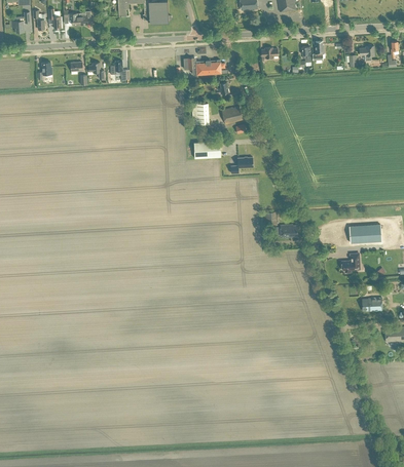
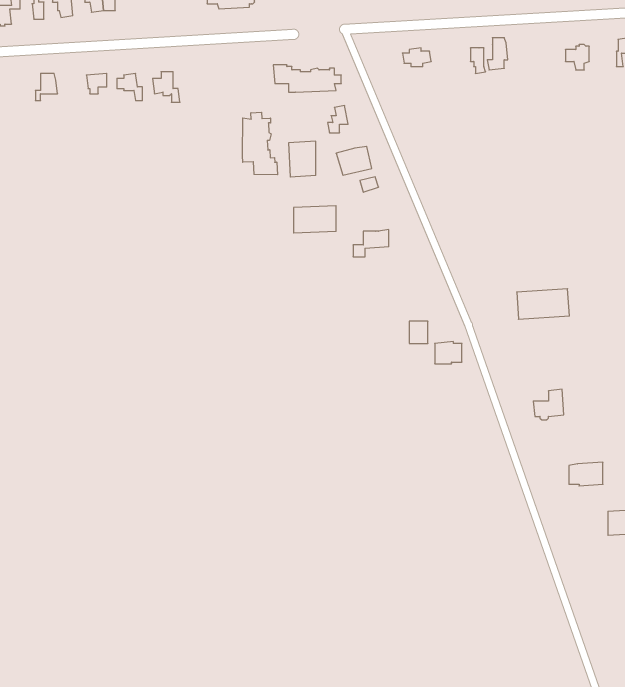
building: none -> [242,112,277,175]
building: [350,224,381,242] -> [517,289,569,319]

